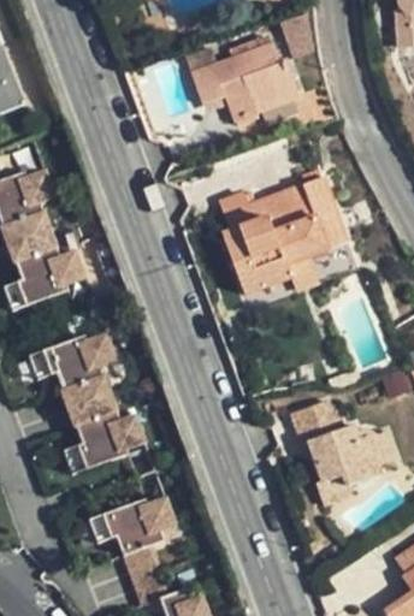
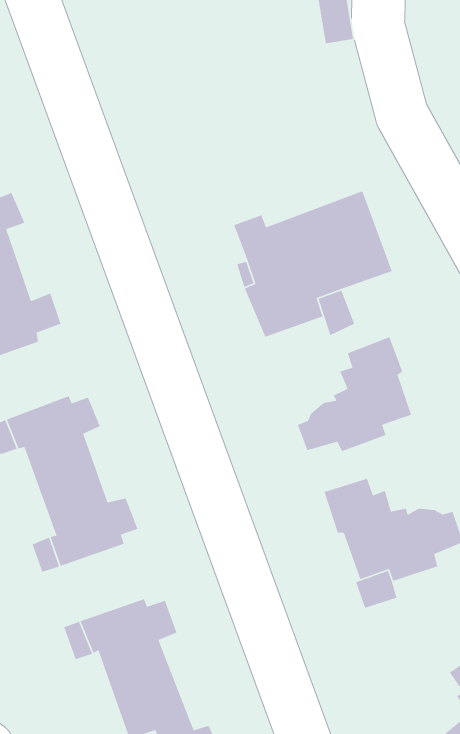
building: [191,45,297,126] -> none
building: none -> [297,336,412,452]

